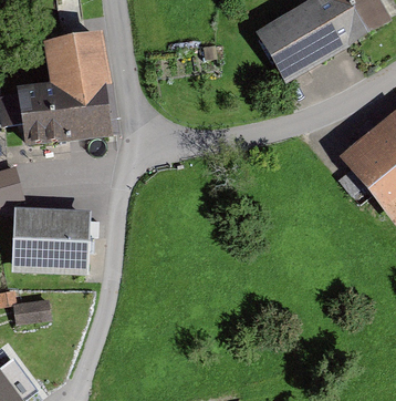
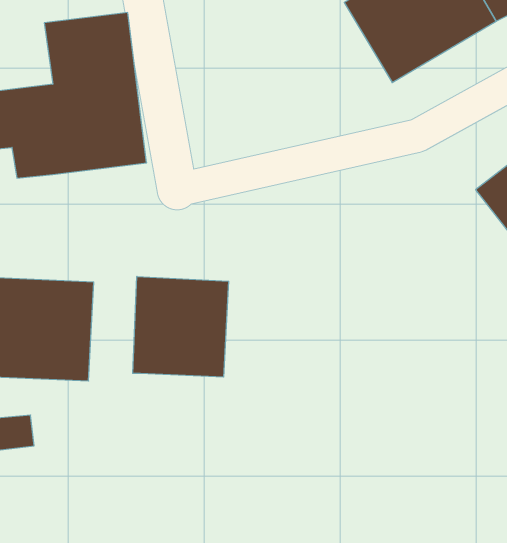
building: none -> [133,276,229,377]

